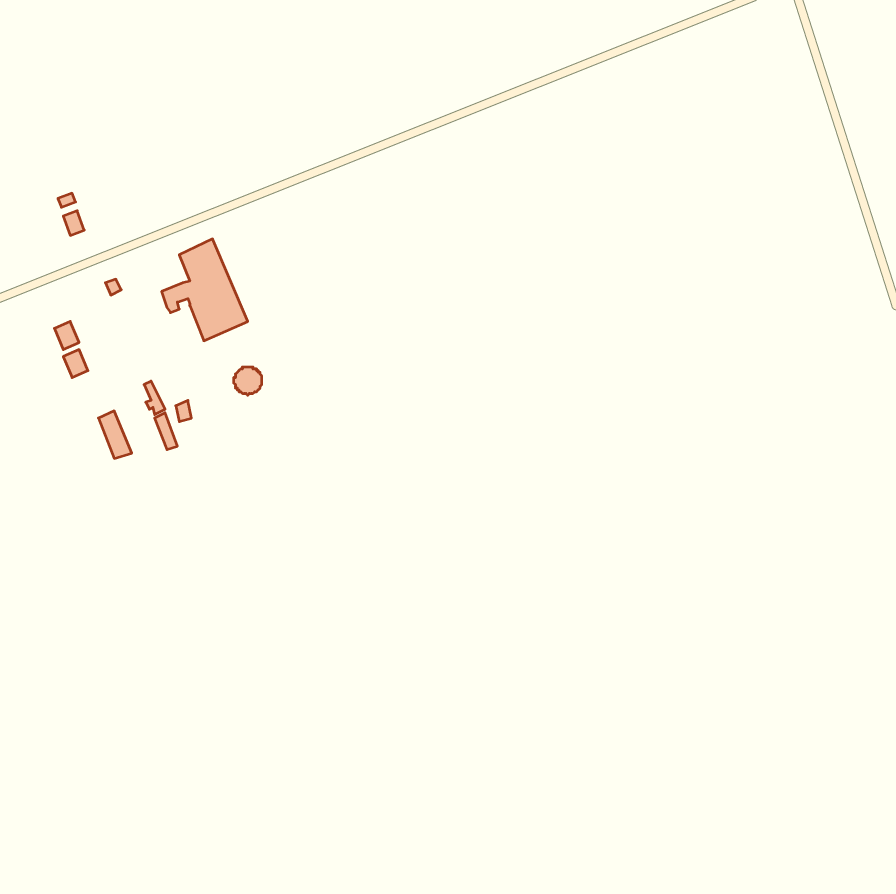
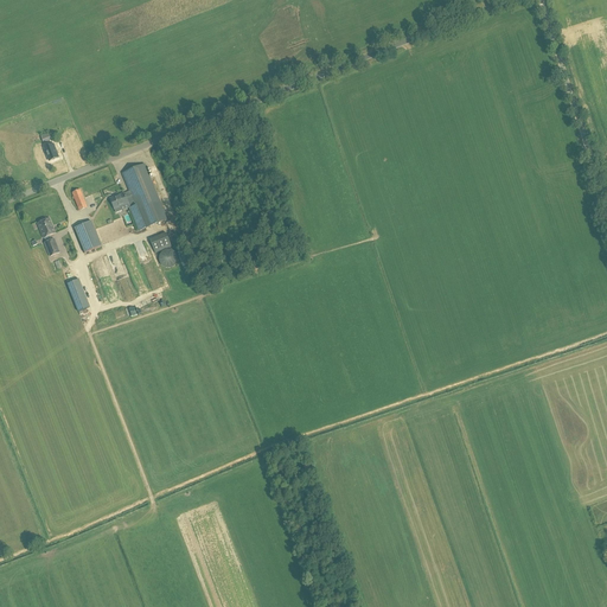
building: none -> [74,219,101,251]

